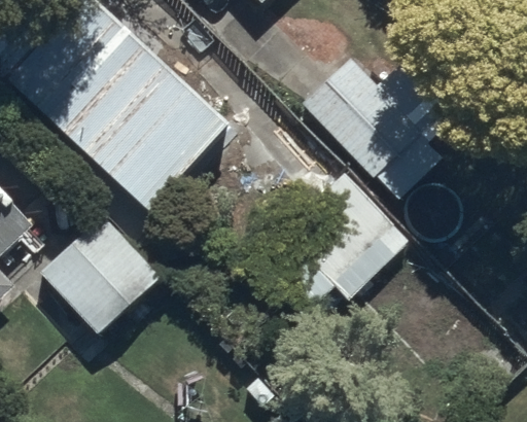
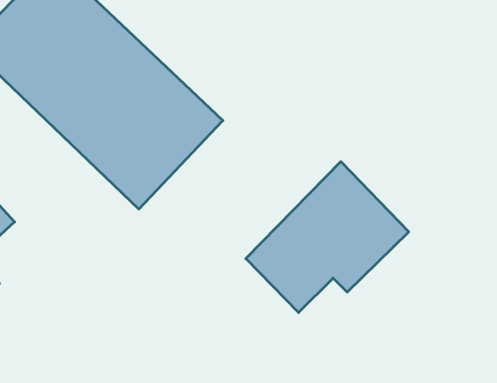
building: [303,49,456,195] -> none
building: [37,207,168,343] -> none

